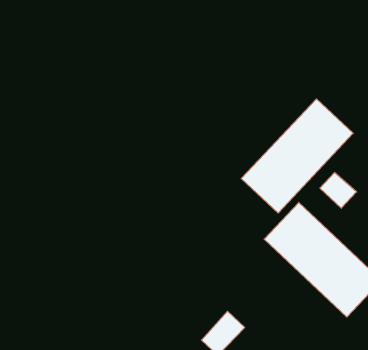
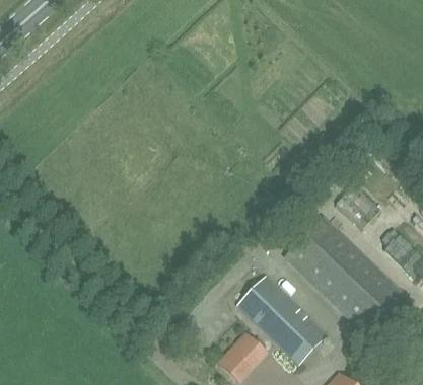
building: [241,99,353,213] -> none
building: none -> [238,277,325,363]

